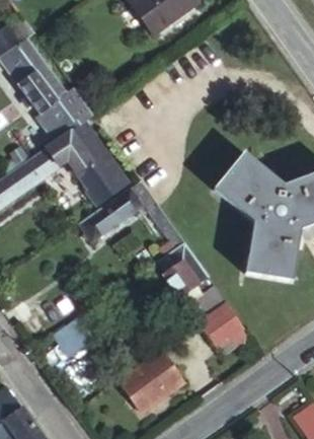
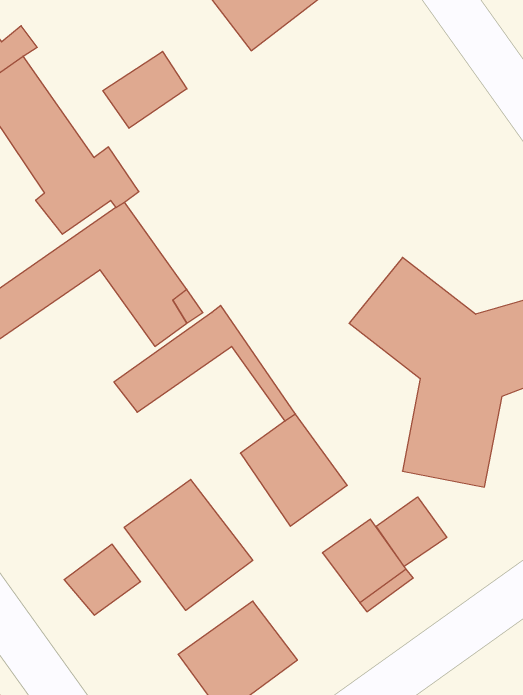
building: none -> [103,51,187,128]
building: none -> [124,479,253,610]
building: none -> [376,497,447,566]

